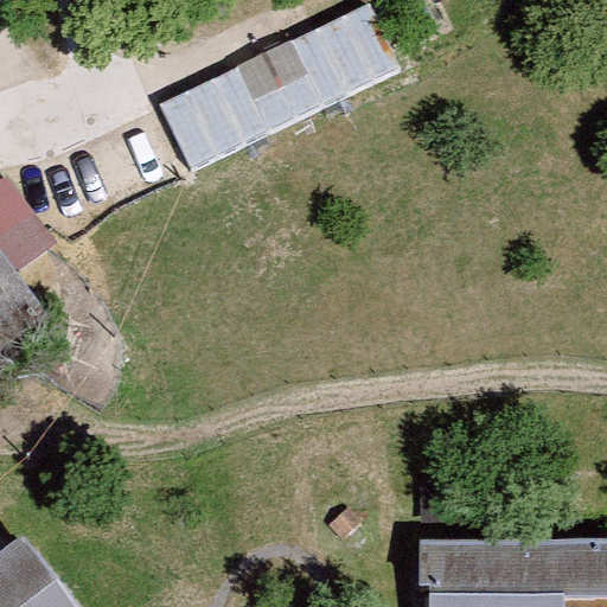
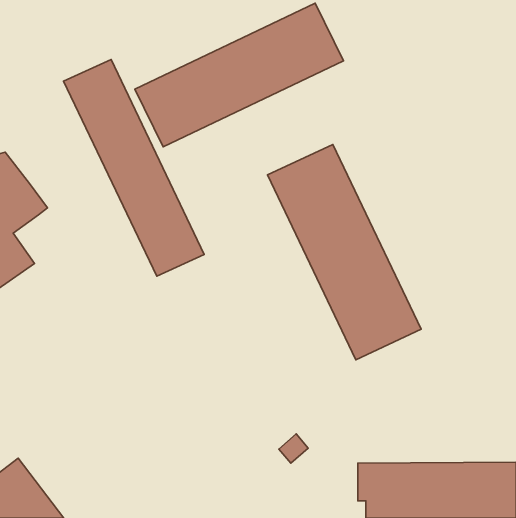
building: none -> [64,59,204,276]
building: none -> [267,144,421,360]

